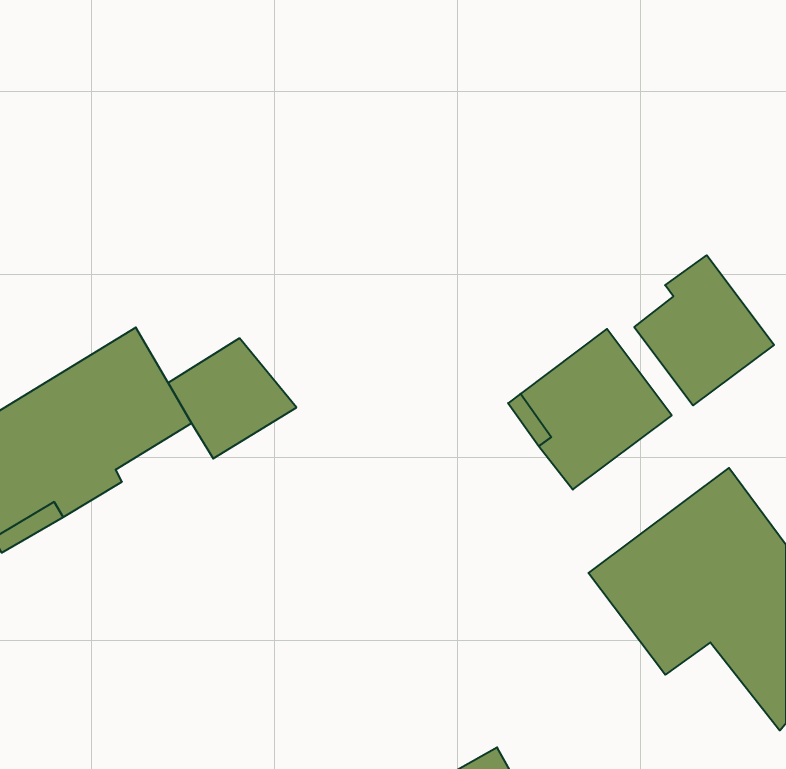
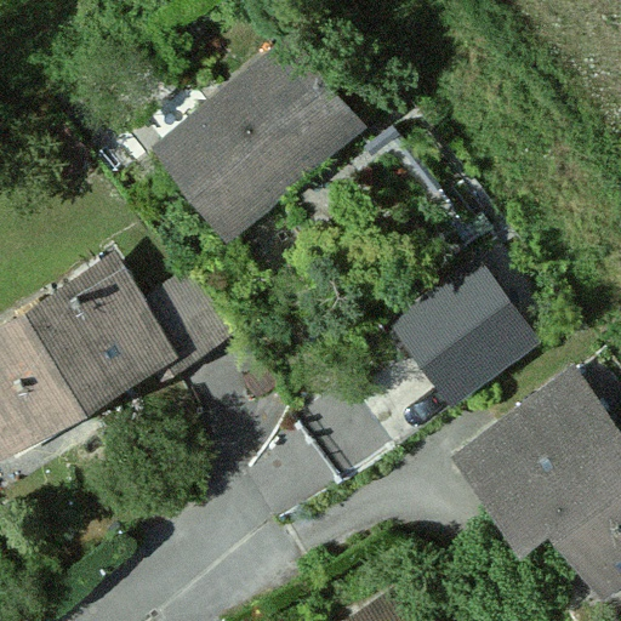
building: none -> [161,51,349,235]
building: [634,255,774,405] -> none

